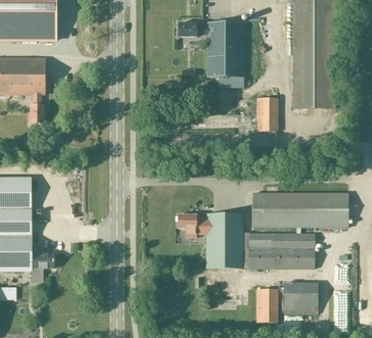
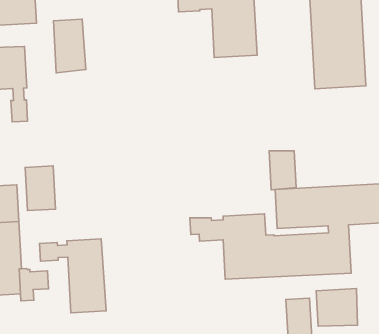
building: none -> [53,19,86,73]
building: [257,97,278,131] -> [269,151,296,190]
building: none -> [25,166,56,211]
building: none -> [40,239,106,313]

